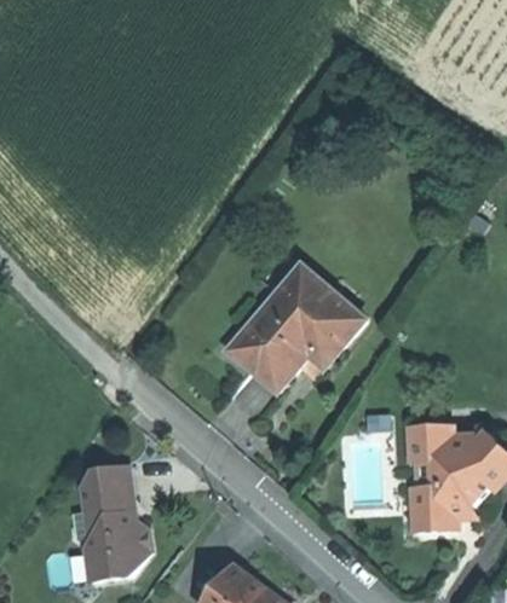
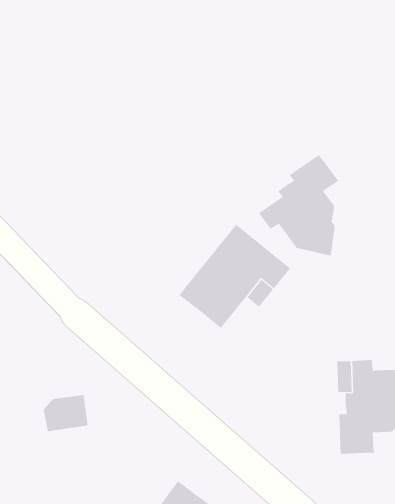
building: none -> [258,154,339,256]
building: [81,500,148,580] -> none

